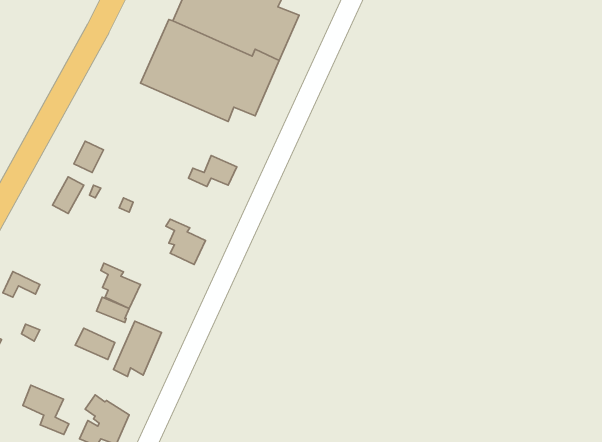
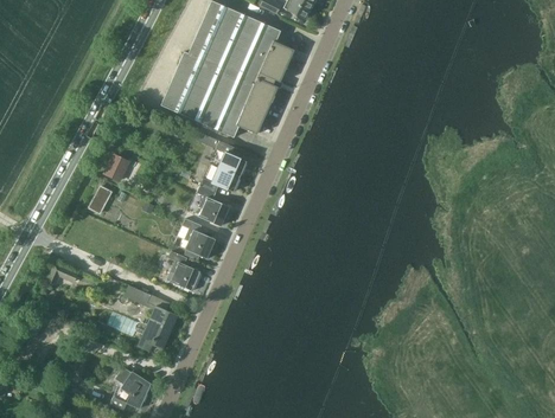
building: none -> [216,142,247,176]
building: none -> [196,186,229,226]
building: [101,263,141,309] -> [167,253,200,291]
building: [23,385,69,435] -> none

